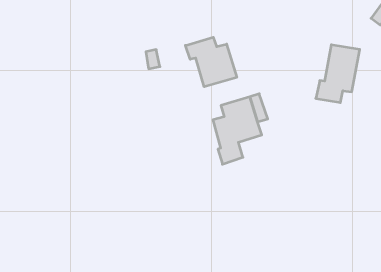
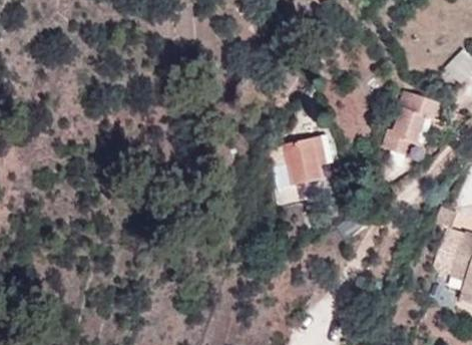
building: [185,37,237,87] -> none

